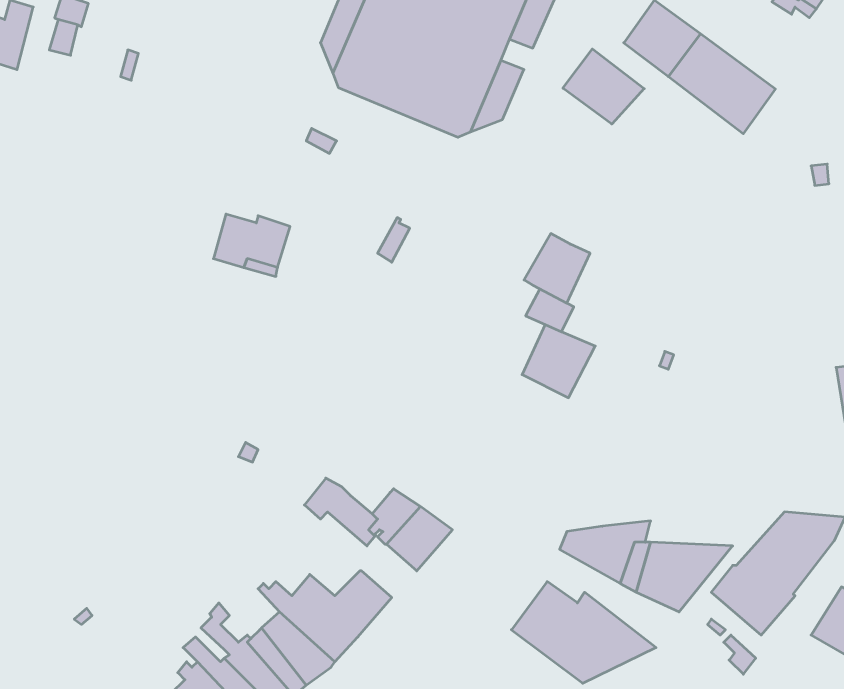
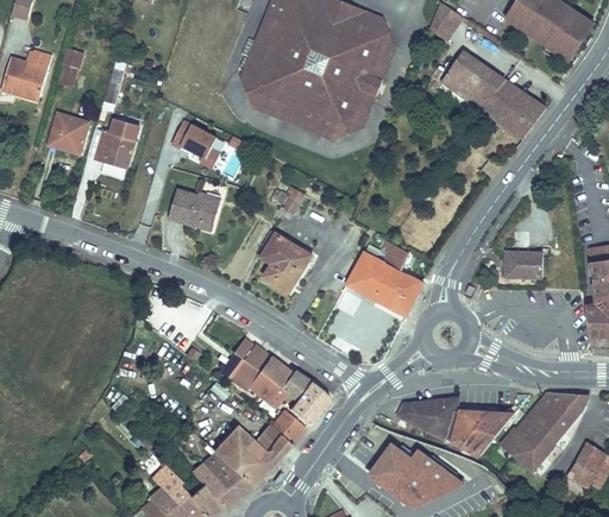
building: [563,49,644,124] -> none
building: none -> [49,113,89,153]
building: none -> [174,120,221,168]
building: none -> [96,128,136,166]
building: [524,234,590,303] -> [346,252,390,298]
building: none -> [259,234,312,291]
building: none -> [504,251,546,280]
building: none -> [230,343,287,391]
building: none -> [268,415,302,447]

